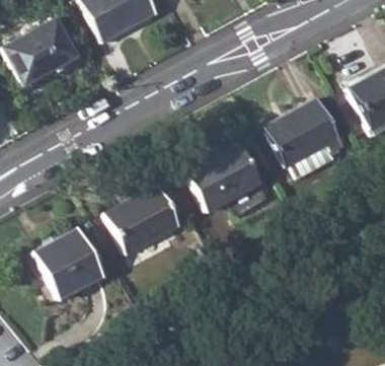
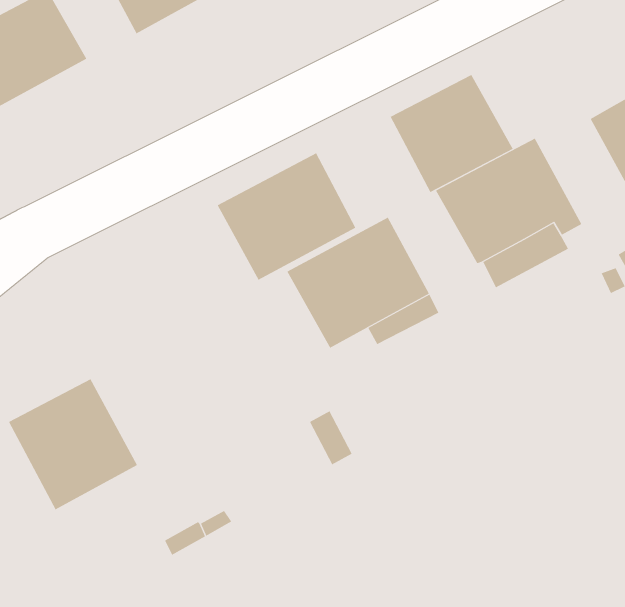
building: none -> [390,74,513,193]
building: [105,185,180,253] -> [217,152,356,280]

